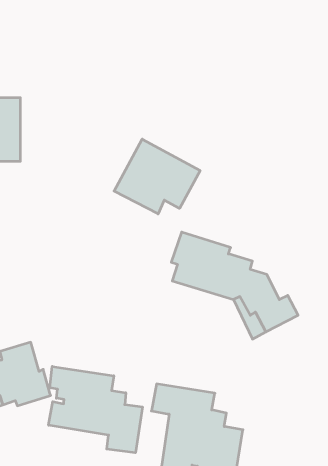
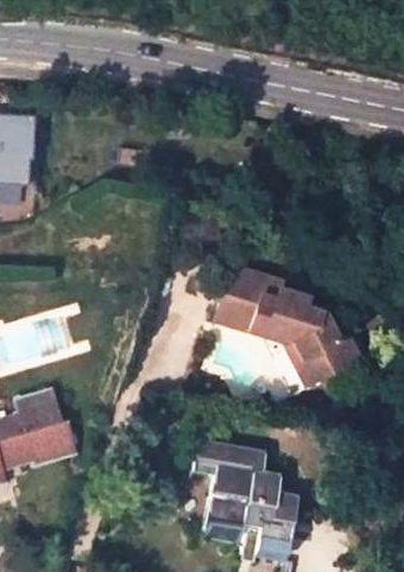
building: [114,139,200,214] -> none
building: [49,366,142,453] -> none

